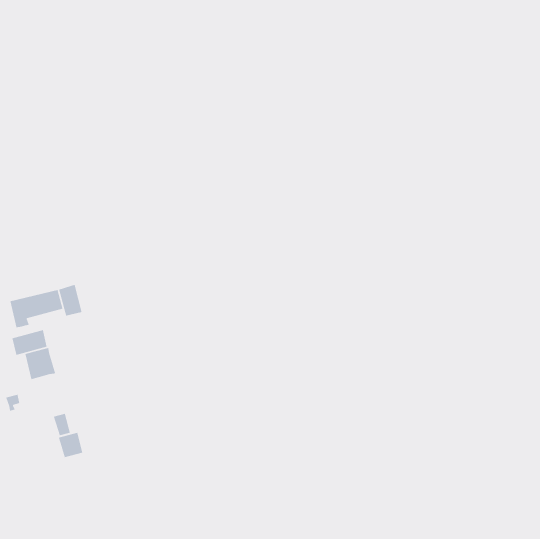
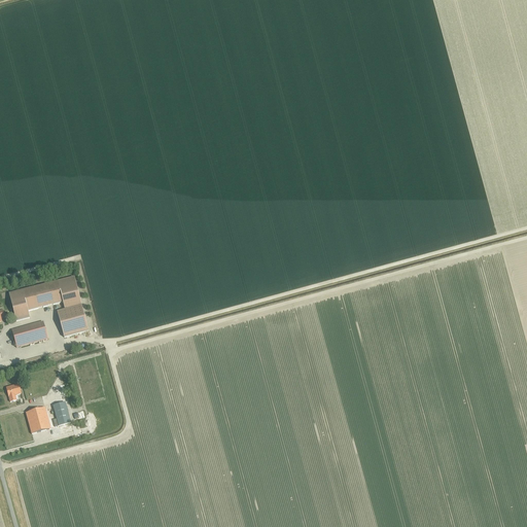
building: [25,347,56,380] -> [57,304,87,336]
building: [58,432,83,458] -> [25,407,49,432]

